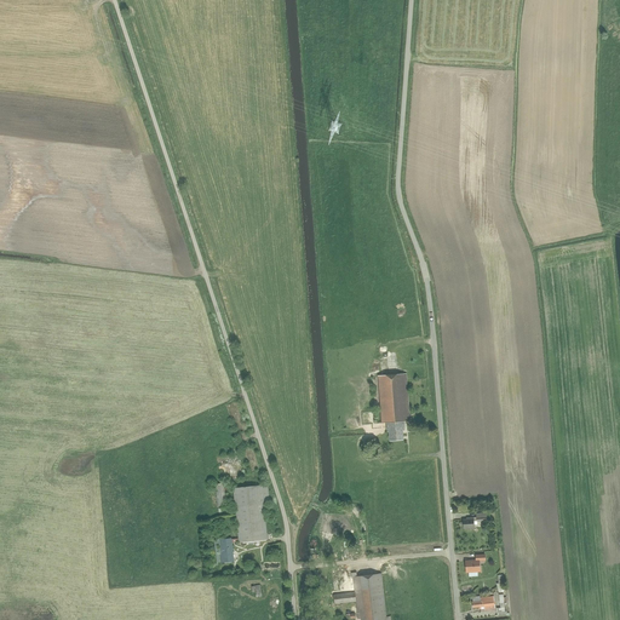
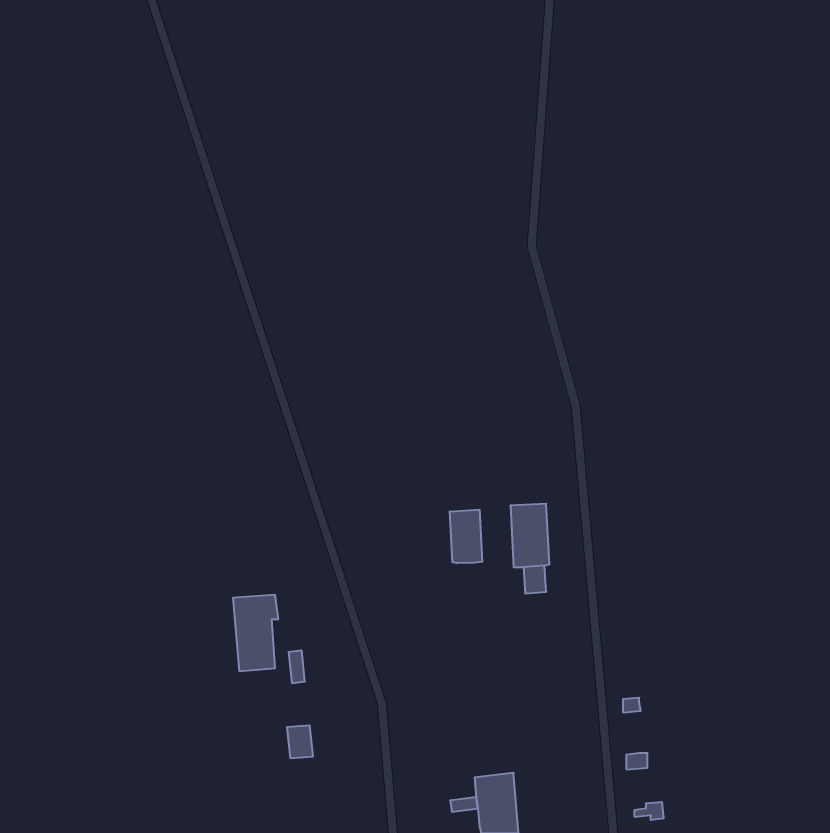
building: none -> [450,510,482,563]
building: [235,484,269,541] -> [233,595,278,671]

